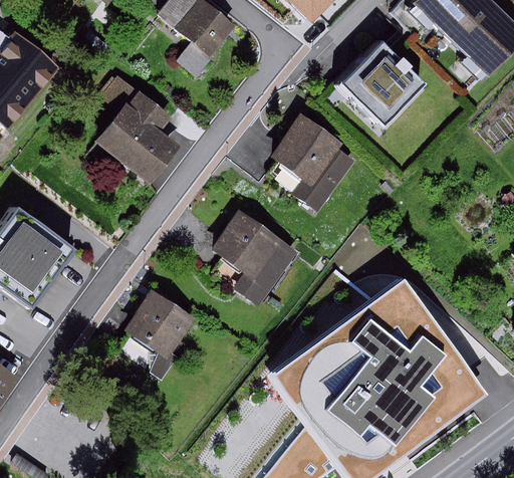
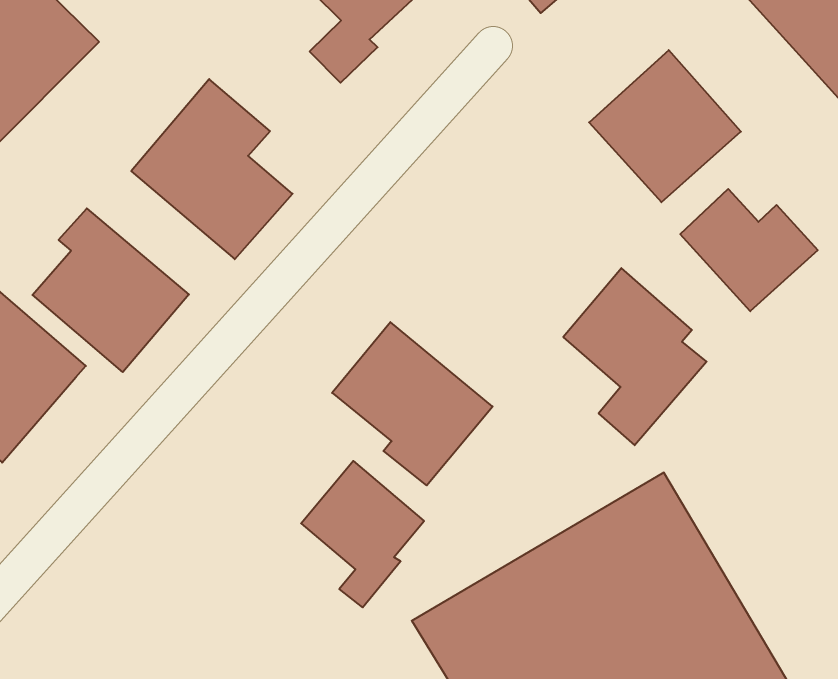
building: [273,111,355,211] -> [563,268,707,445]
building: none -> [680,189,818,311]
building: none -> [32,208,189,372]
building: [125,290,195,373] -> [301,461,424,607]

